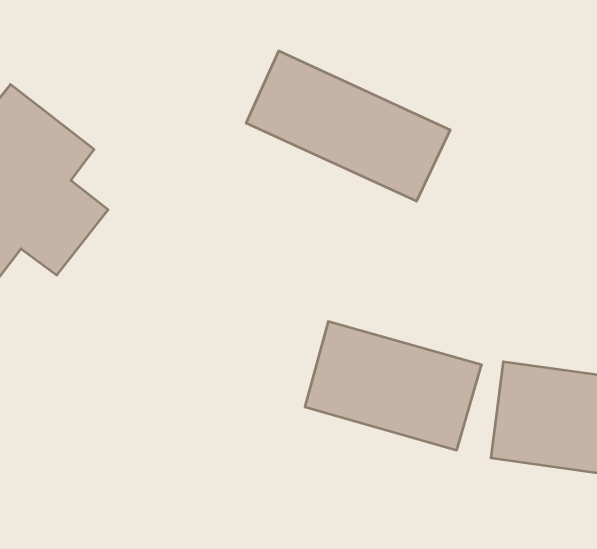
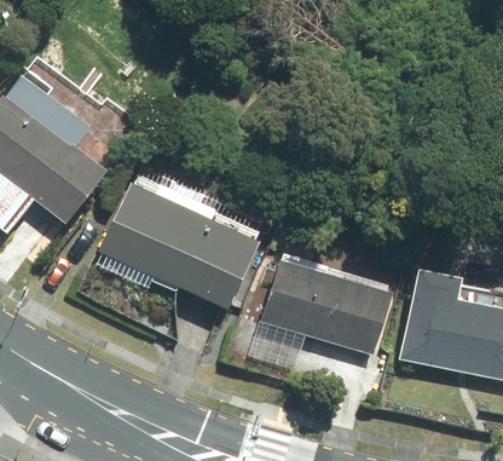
building: [246,51,450,201] -> none
building: none -> [97,157,266,312]

